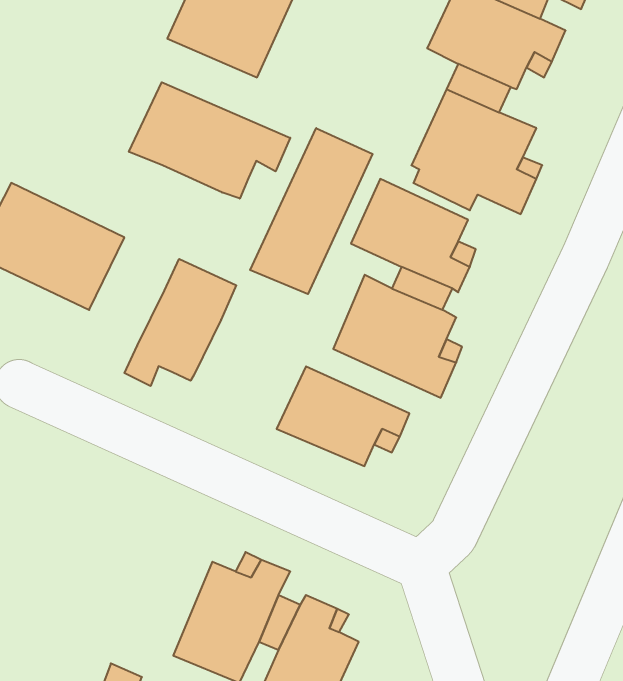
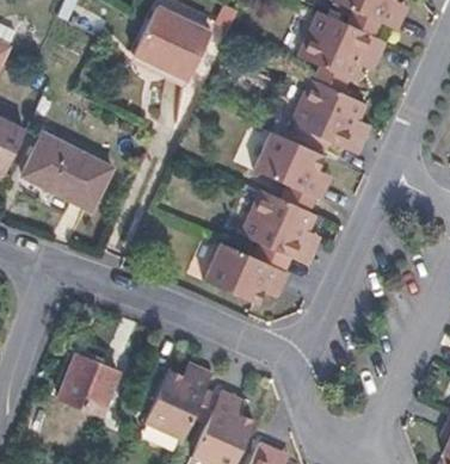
building: [129,82,290,199] -> none
building: [250,128,373,294] -> none
building: [124,259,236,386] -> none
building: none -> [58,355,118,415]

